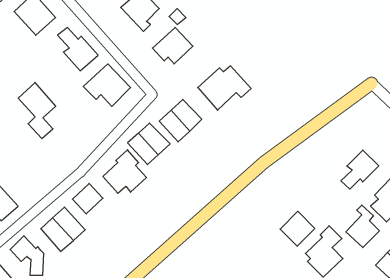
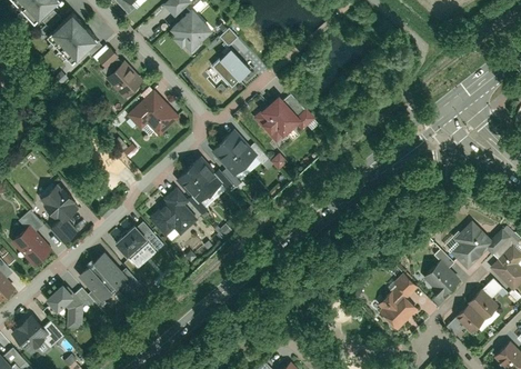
building: [18,82,56,139] -> [39,181,81,245]
building: [341,150,379,189] -> none
building: [280,211,315,246] -> none

